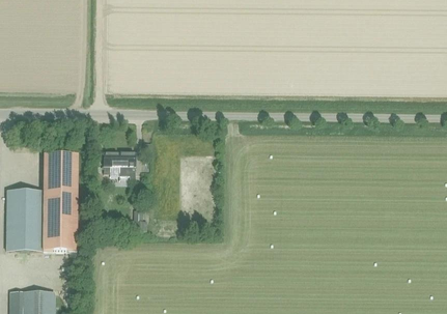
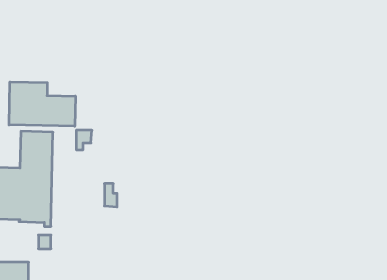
building: none -> [9,82,75,126]
building: [118,151,135,181] -> none

